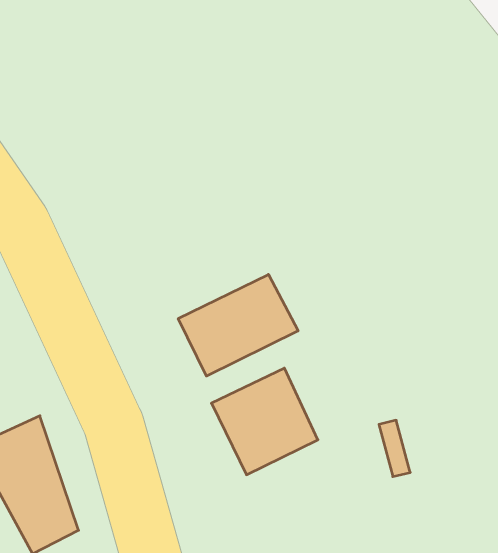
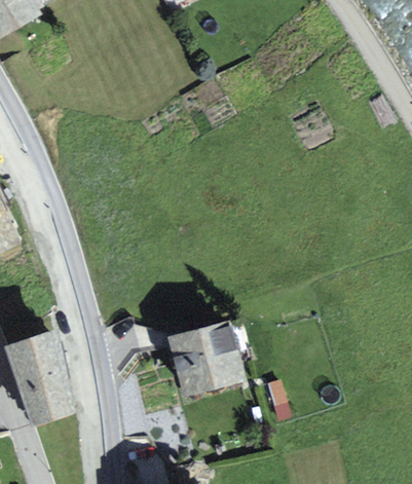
building: [178,274,298,376] -> none

